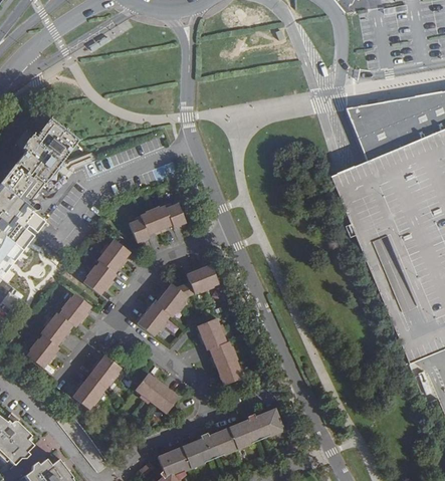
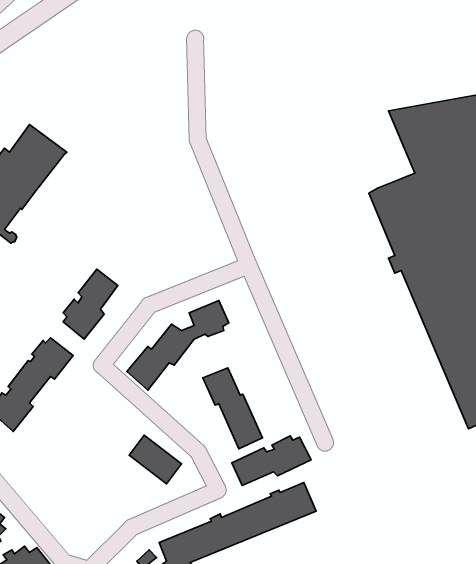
building: [129,201,189,241] -> none
building: [72,354,121,408] -> none
building: none -> [232,436,311,486]

